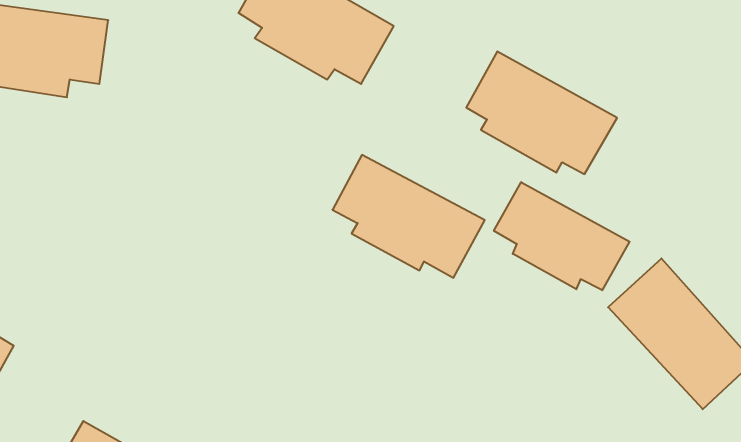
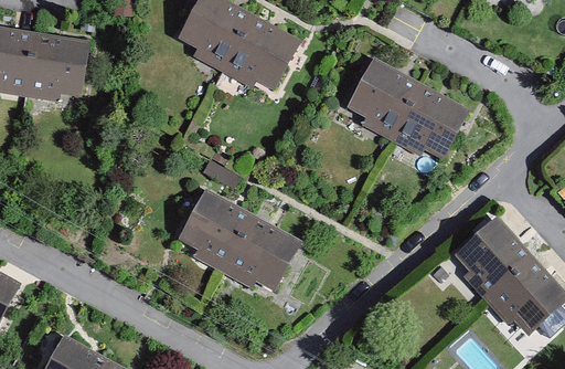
building: [332,155,485,278] -> [183,196,297,287]
building: [494,182,630,290] -> none

